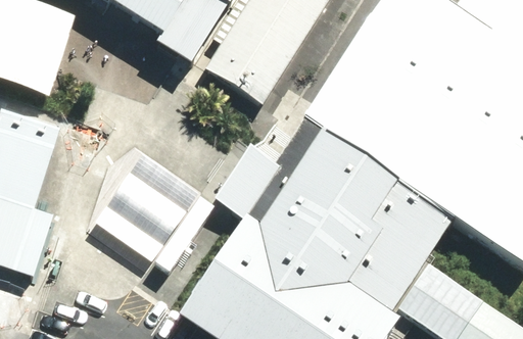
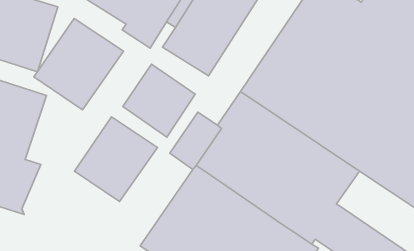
building: none -> [34,19,123,110]
building: none -> [123,64,195,137]

